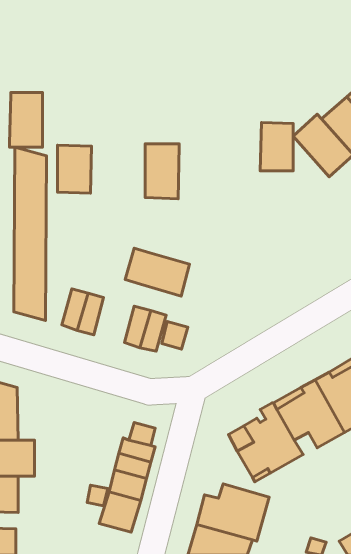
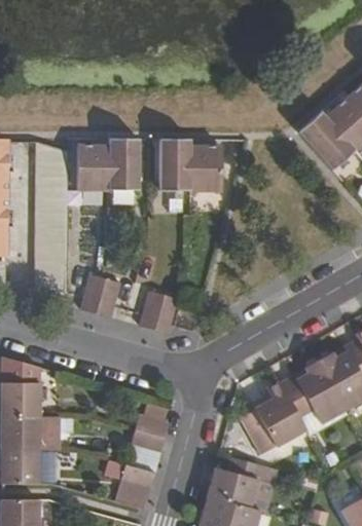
building: [10,92,42,147] -> [108,139,139,190]
building: [260,122,293,171] -> [190,142,221,187]
building: [125,248,189,296] -> none

